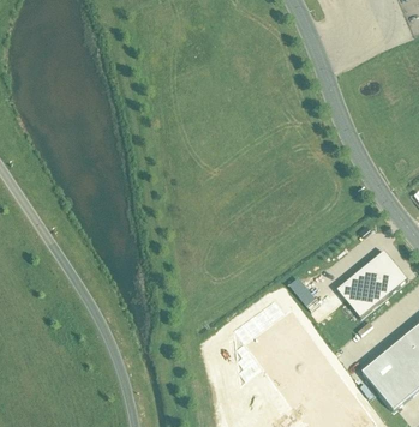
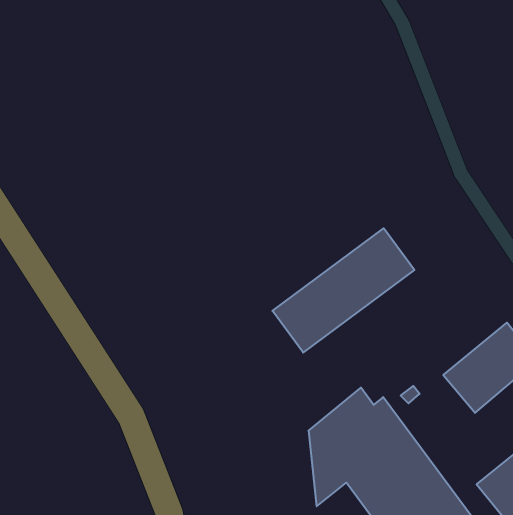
building: none -> [272,228,414,353]

